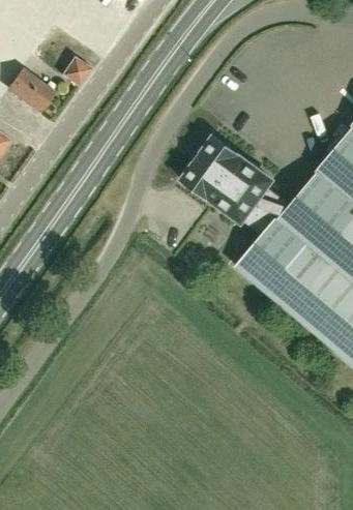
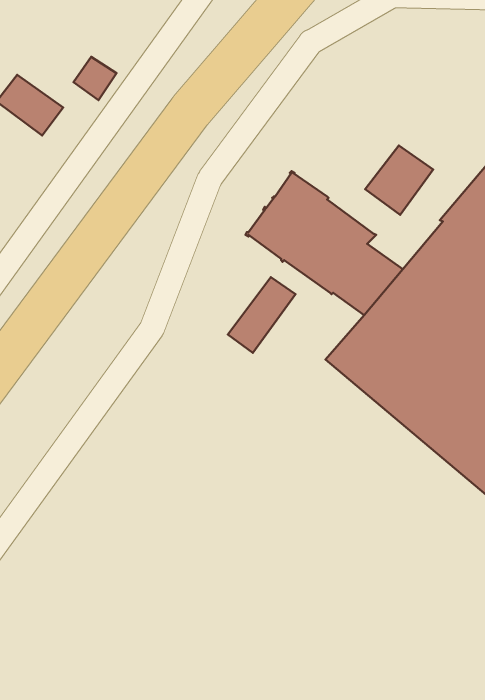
building: none -> [365,145,433,215]
building: none -> [228,277,295,353]

